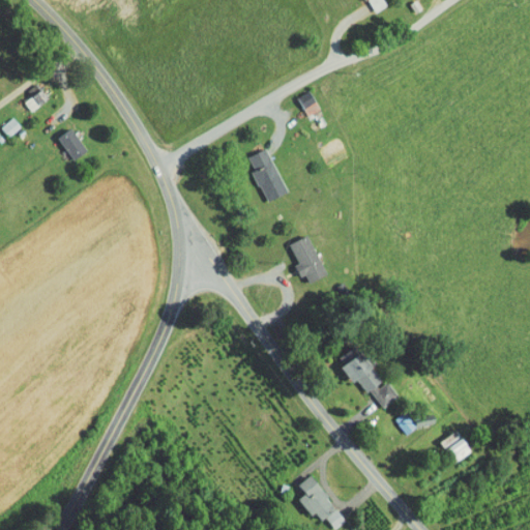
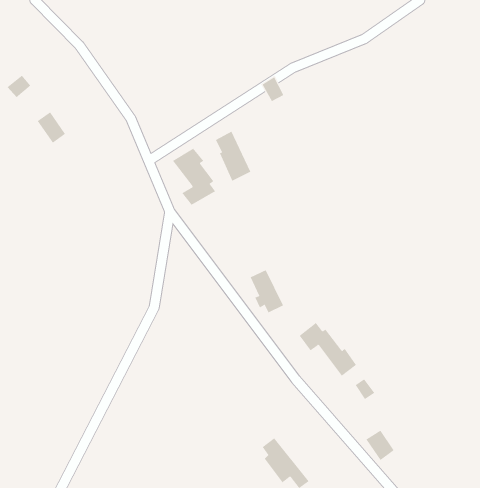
building: none -> [172,148,216,206]
building: [288,236,324,283] -> [250,270,284,313]
building: [440,431,471,464] -> [365,430,395,461]

